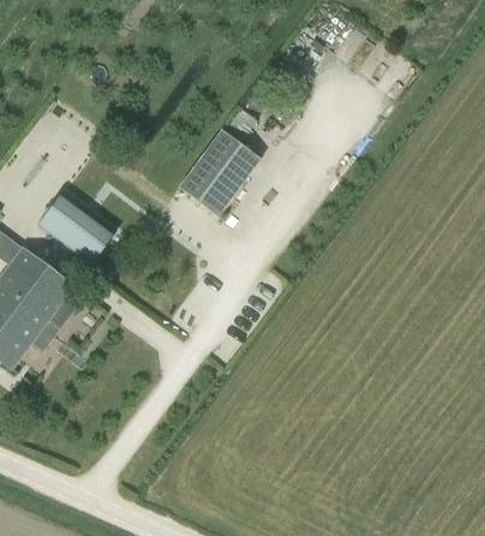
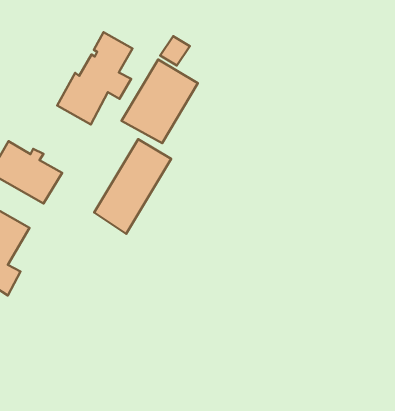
building: none -> [57,32,132,125]
building: none -> [94,139,171,234]

